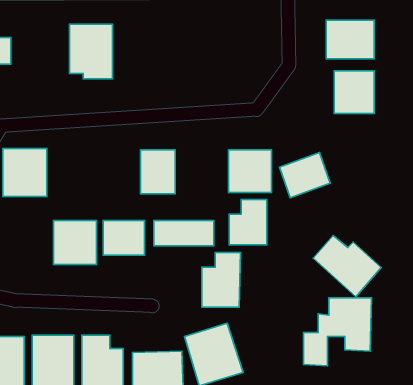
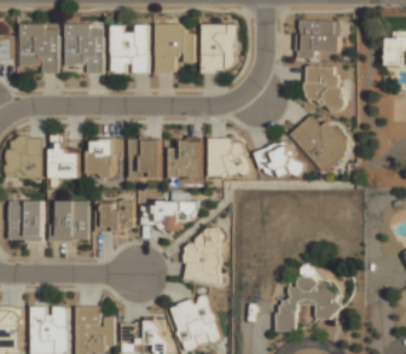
building: none -> [18,24,58,69]
building: none -> [110,24,149,74]
building: none -> [155,24,192,72]
building: none -> [199,24,237,72]
building: none -> [48,135,81,180]
building: none -> [87,139,120,179]
building: [229,200,267,245] -> [167,137,201,178]
building: none -> [8,202,44,242]
building: [313,235,381,297] -> [289,116,350,172]

